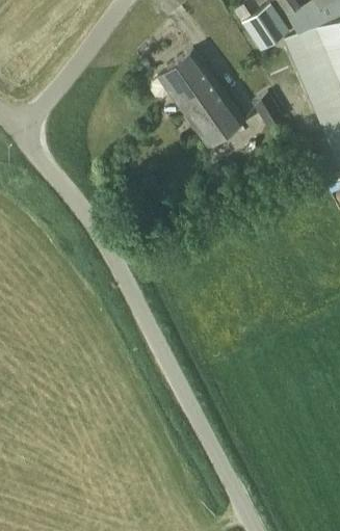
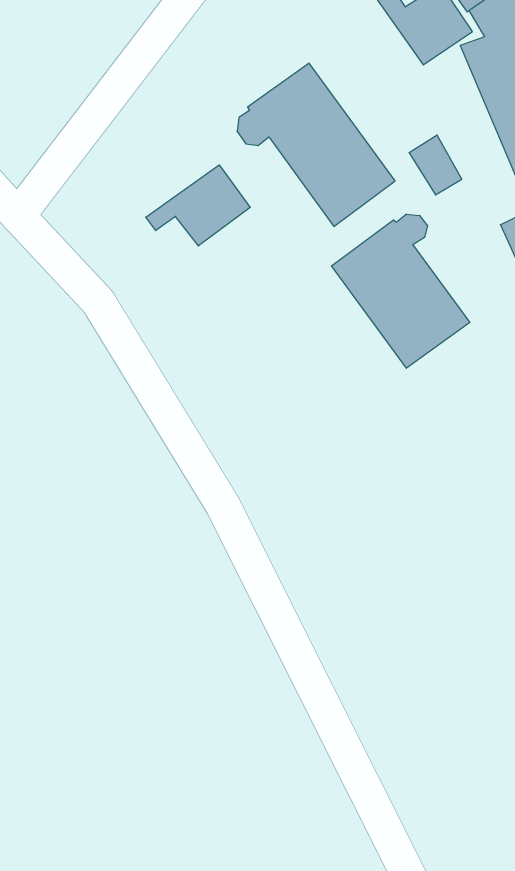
building: none -> [146,165,250,246]
building: none -> [332,214,470,368]

